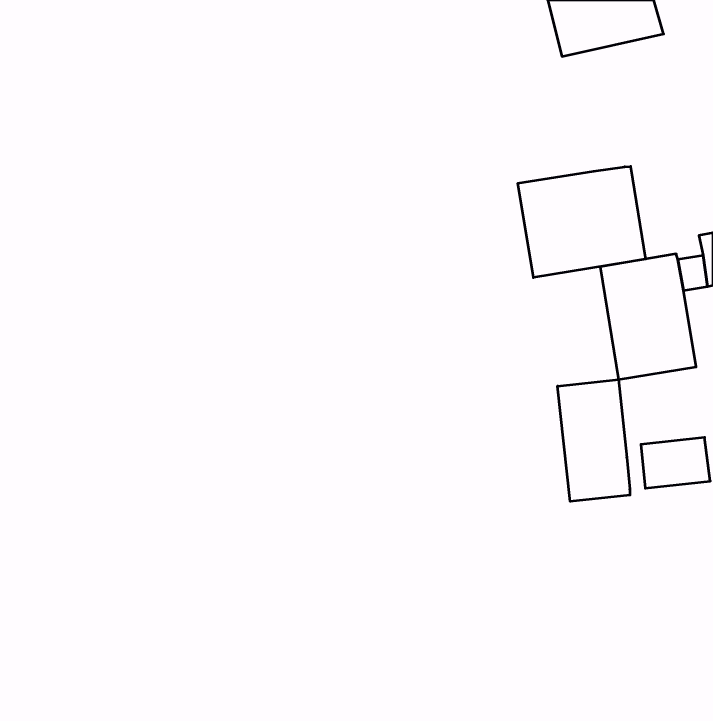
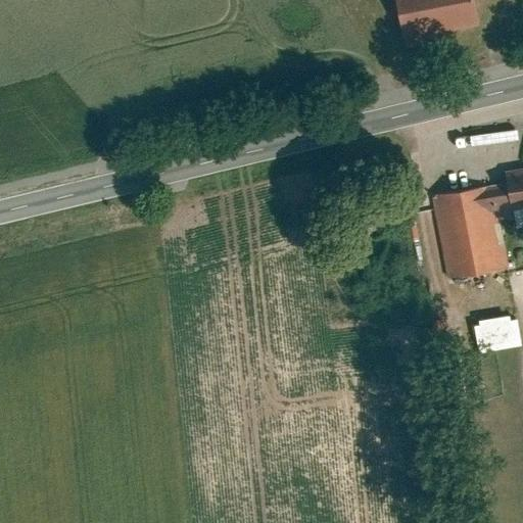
building: [518,166,646,278] -> none
building: [558,380,630,501] -> none

